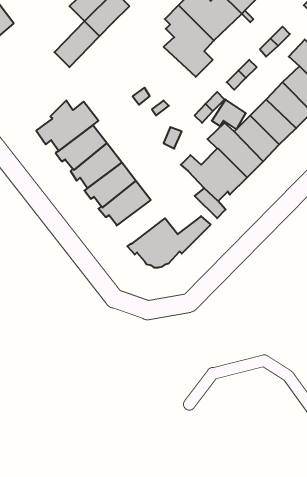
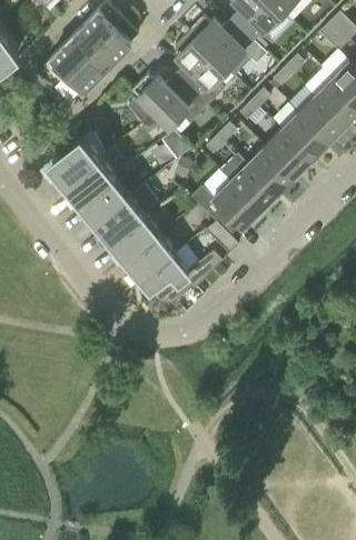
building: none -> [43,34,91,82]
building: none -> [132,76,207,128]
building: none -> [121,236,175,281]

